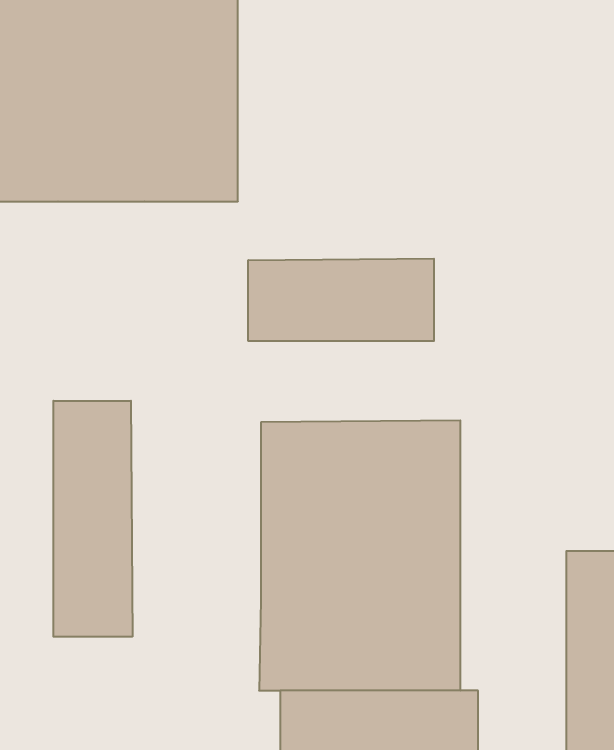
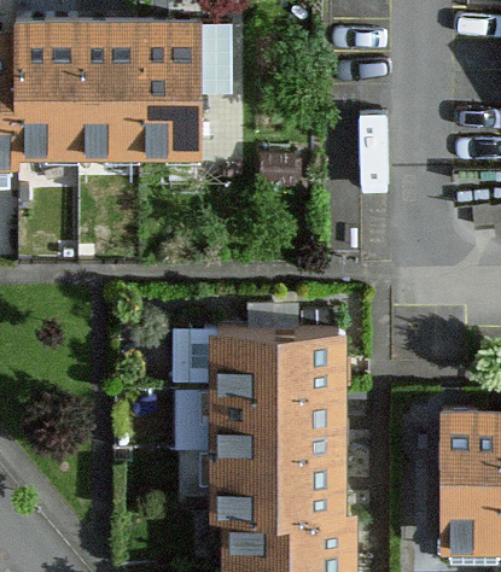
building: [248,259,434,341] -> none
building: [53,401,132,637] -> none

